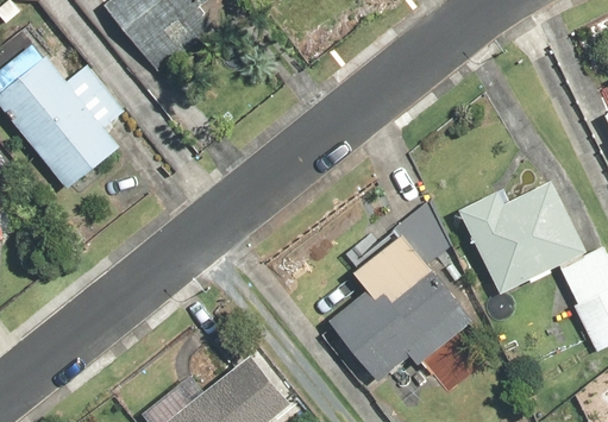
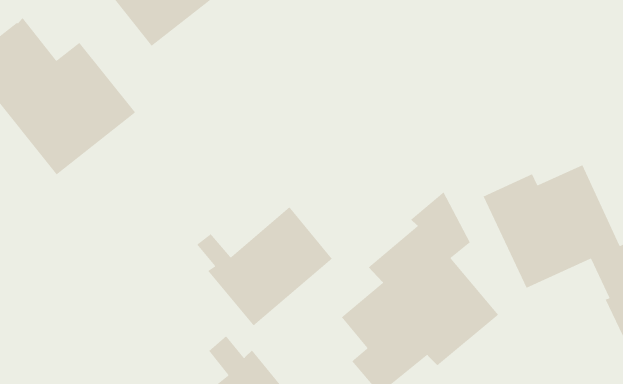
building: none -> [196,206,333,327]

